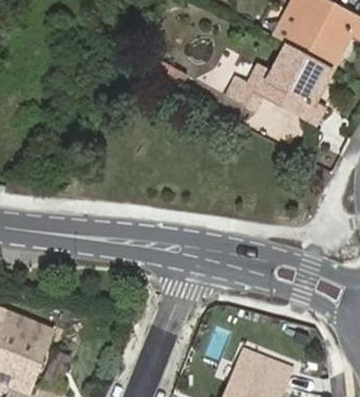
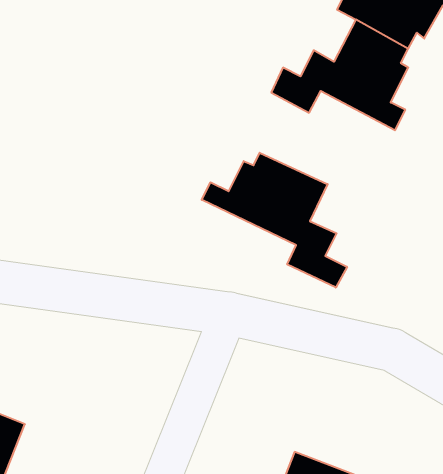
building: none -> [202,153,347,288]

